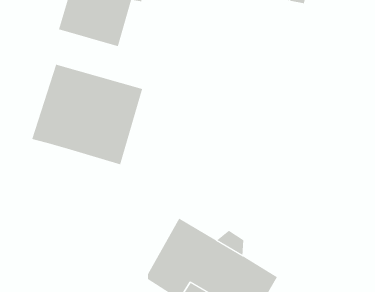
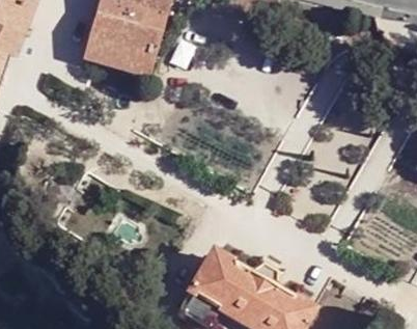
building: [31,64,143,165] -> none

